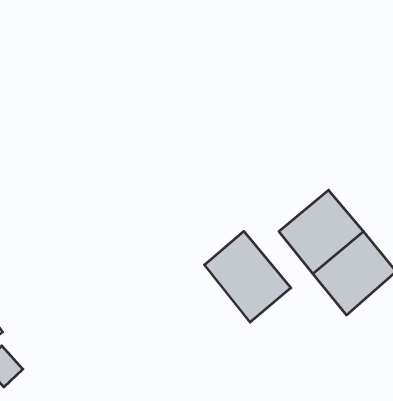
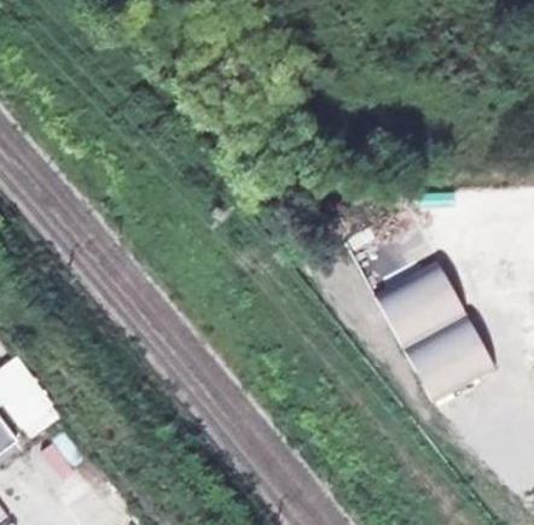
building: [204,231,291,322] -> none

